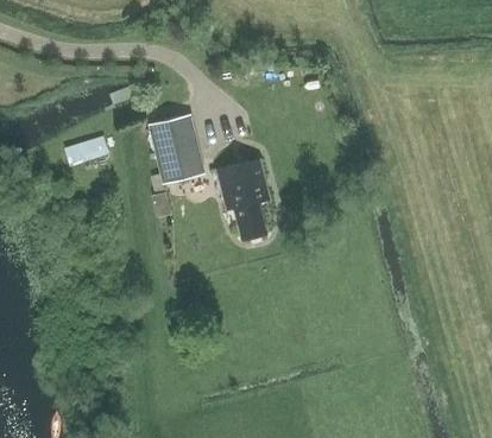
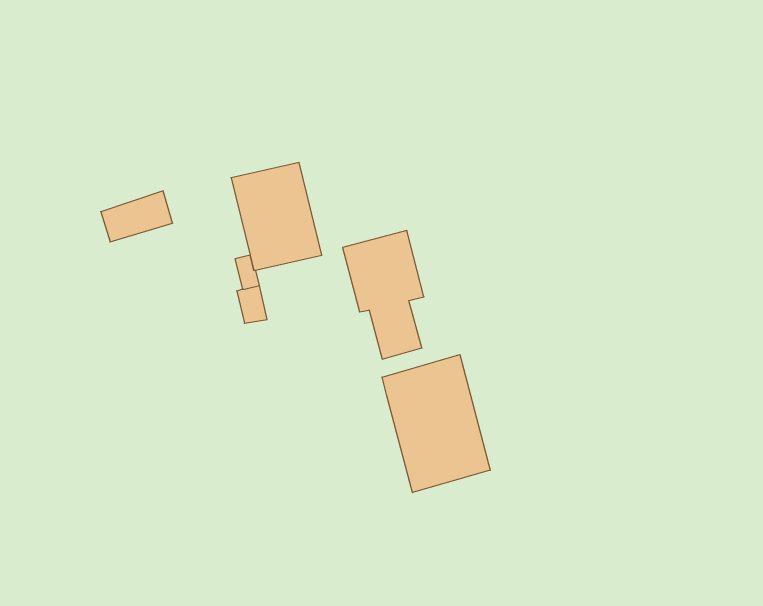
building: none -> [382,355,490,493]

